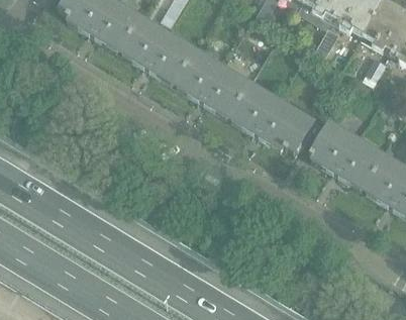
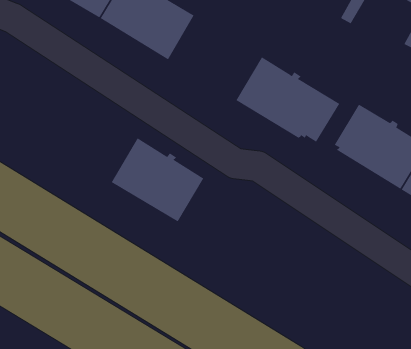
building: [174,47,249,116] -> [111,137,204,222]

